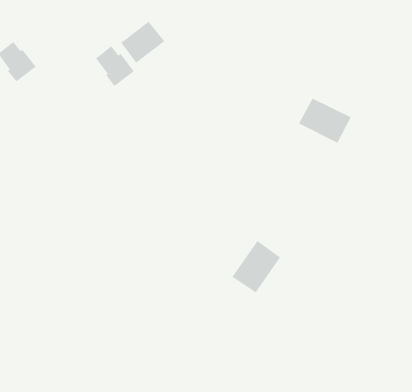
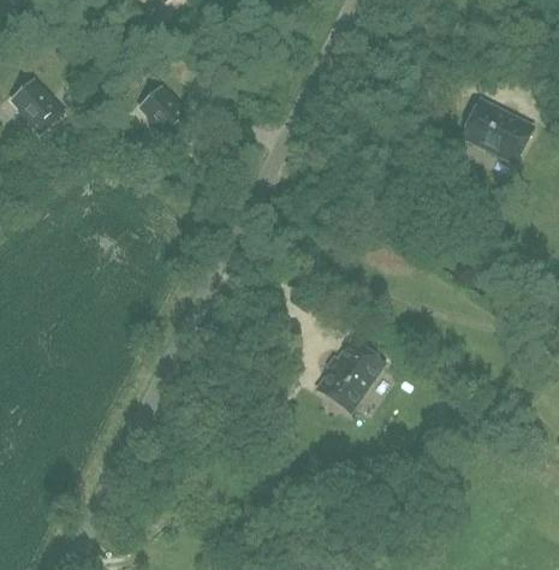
building: [120,21,165,64] -> none
building: [298,98,351,144] -> [463,101,533,161]

